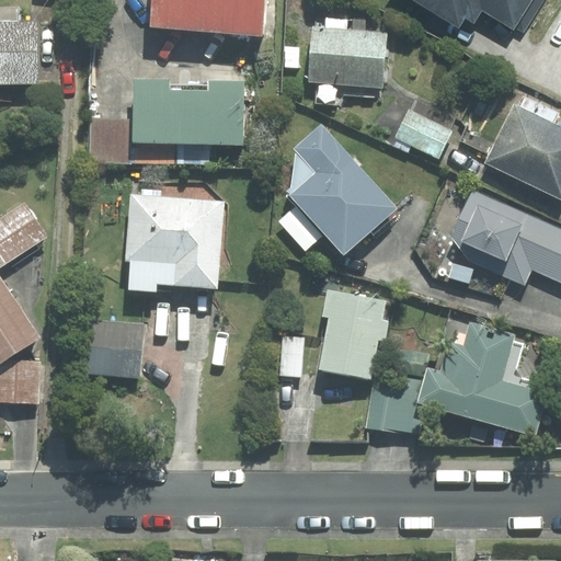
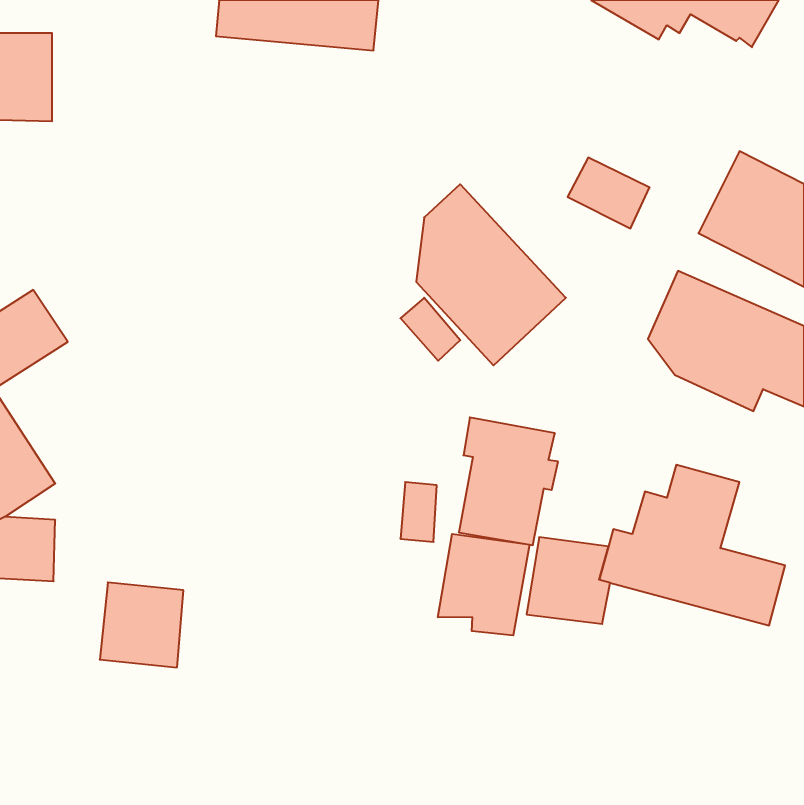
building: [308,27,386,88] -> none
building: [131,79,242,146] -> none
building: [125,194,224,293] -> none
building: [85,319,144,378] -> [100,582,183,667]
building: none -> [438,534,530,635]

